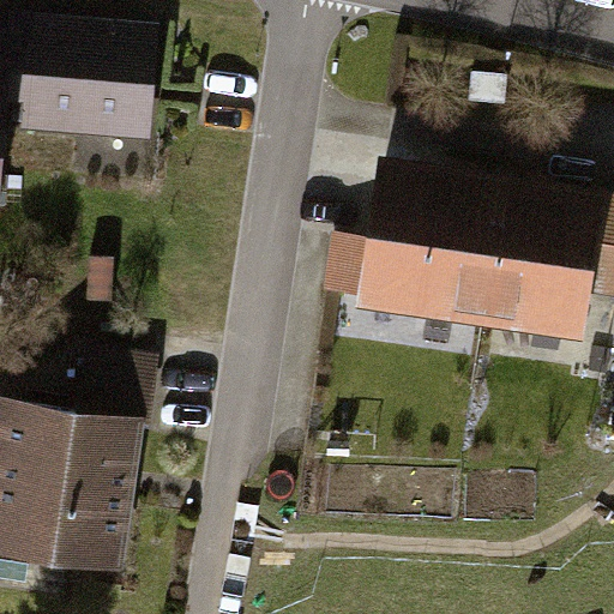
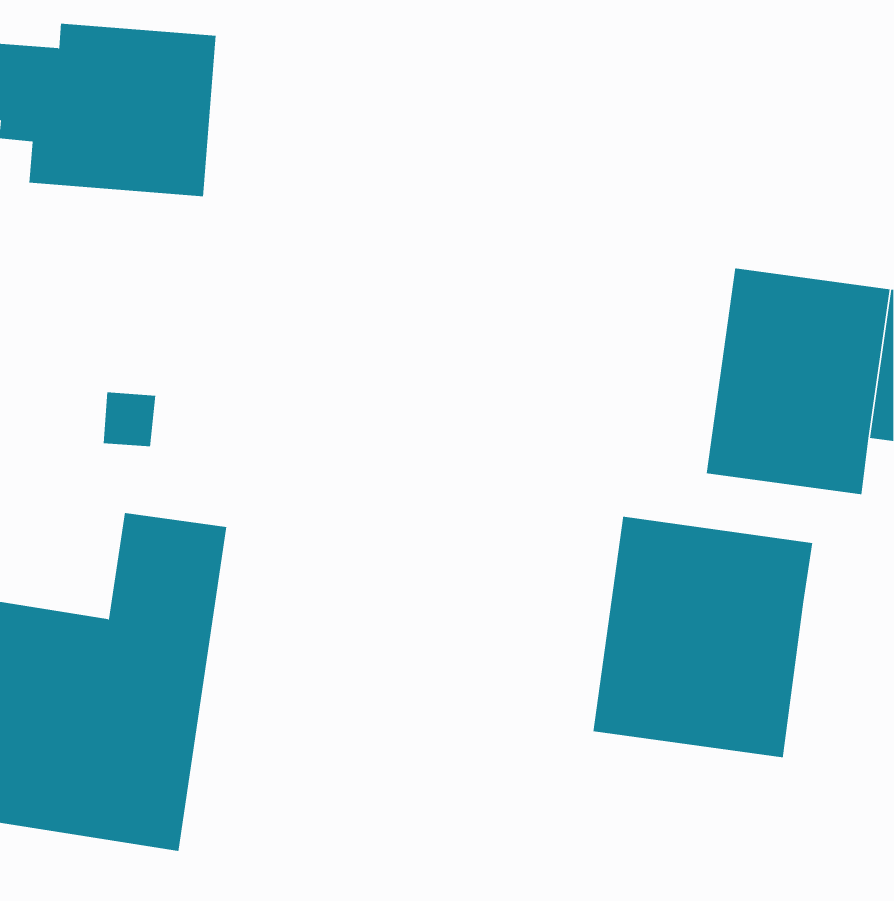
building: [356,168,496,324] -> none
building: none -> [593,516,813,758]

